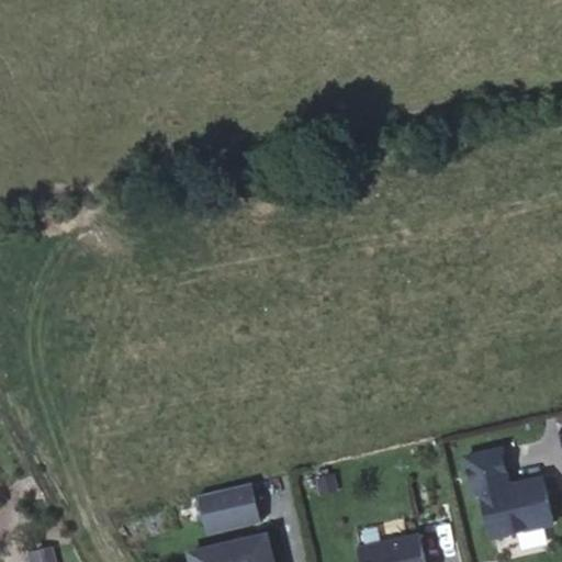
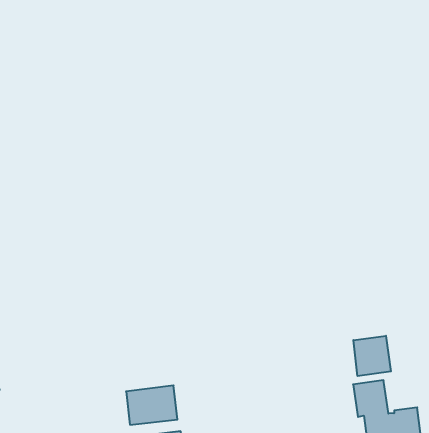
building: none -> [353,336,391,376]

